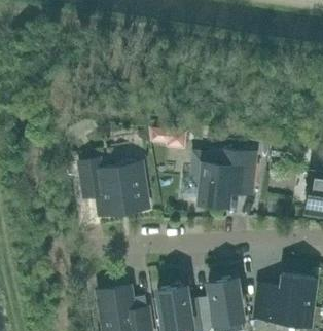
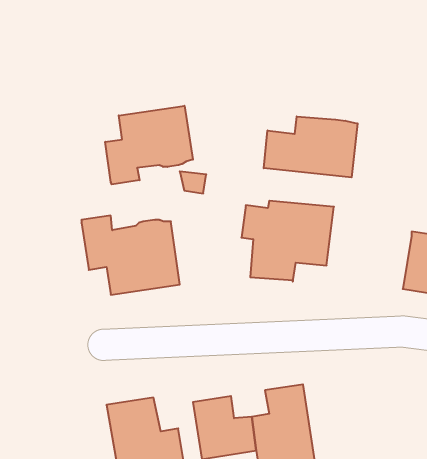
building: none -> [105,106,193,184]
building: none -> [264,116,358,177]
building: [257,274,316,324] -> none

